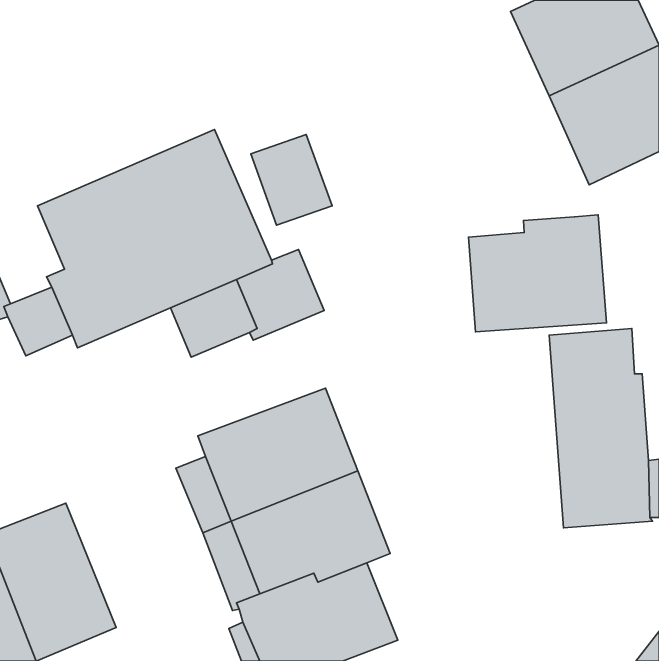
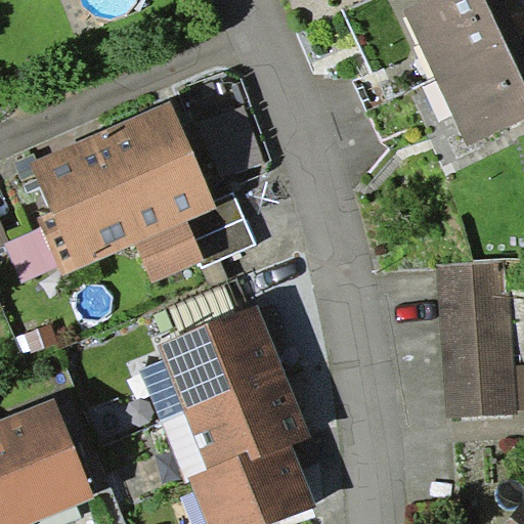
building: [469,215,606,332] -> none

